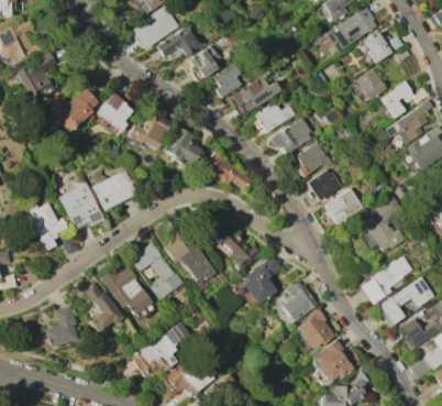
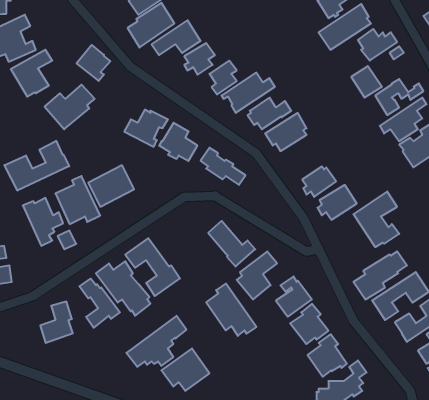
building: [98,94,132,130] -> [77,45,110,81]
building: [295,141,333,177] -> none
building: none -> [4,141,69,191]
building: [165,228,216,281] -> [206,284,256,336]

